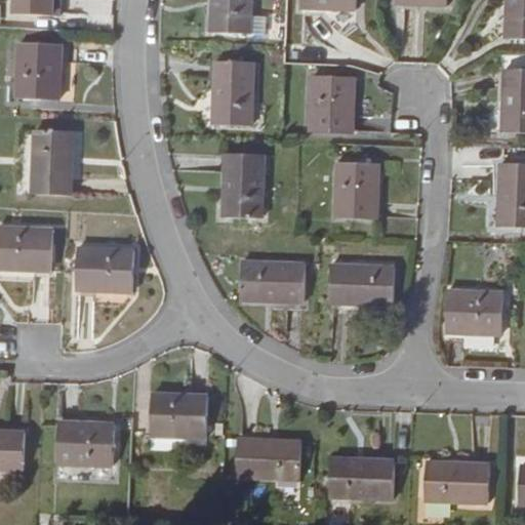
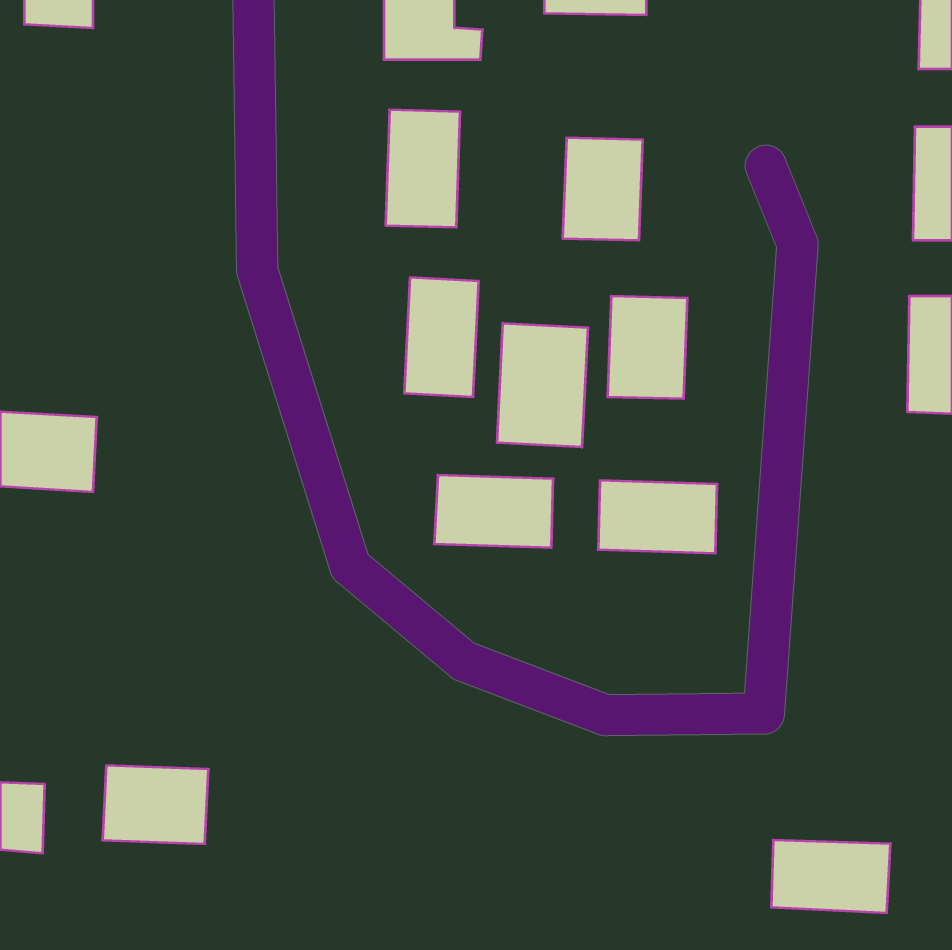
building: [16,42,62,100] -> none
building: [32,130,73,195] -> none
building: none -> [497,323,588,447]
building: [75,247,134,291] -> none
building: [445,290,503,334] -> none
building: [150,394,208,437] -> none
building: [235,439,301,479] -> none
building: [329,458,395,498] -> none

